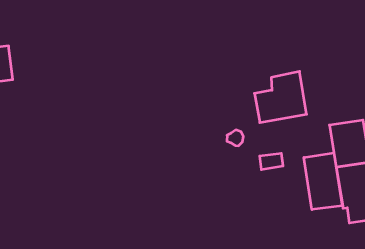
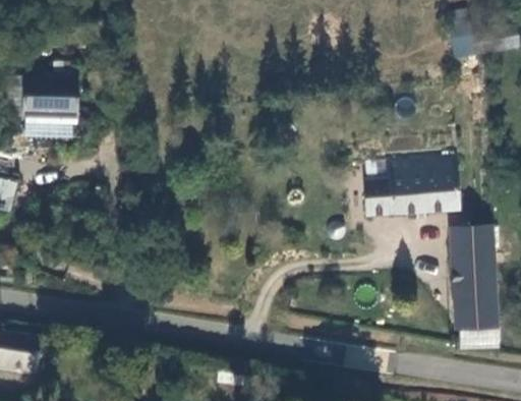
building: none -> [422,160,459,214]
building: [304,153,342,210] -> none

